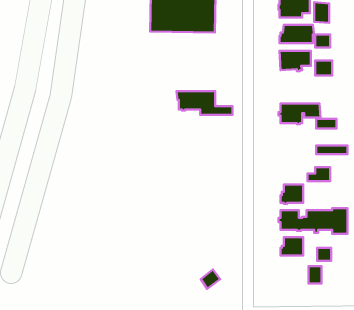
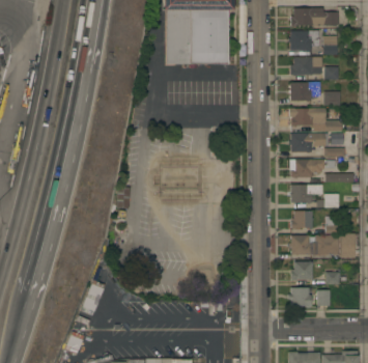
building: [177,91,233,115] -> [289,108,343,131]
building: none -> [290,160,341,177]
building: none -> [291,185,322,202]
building: none -> [289,287,312,308]

